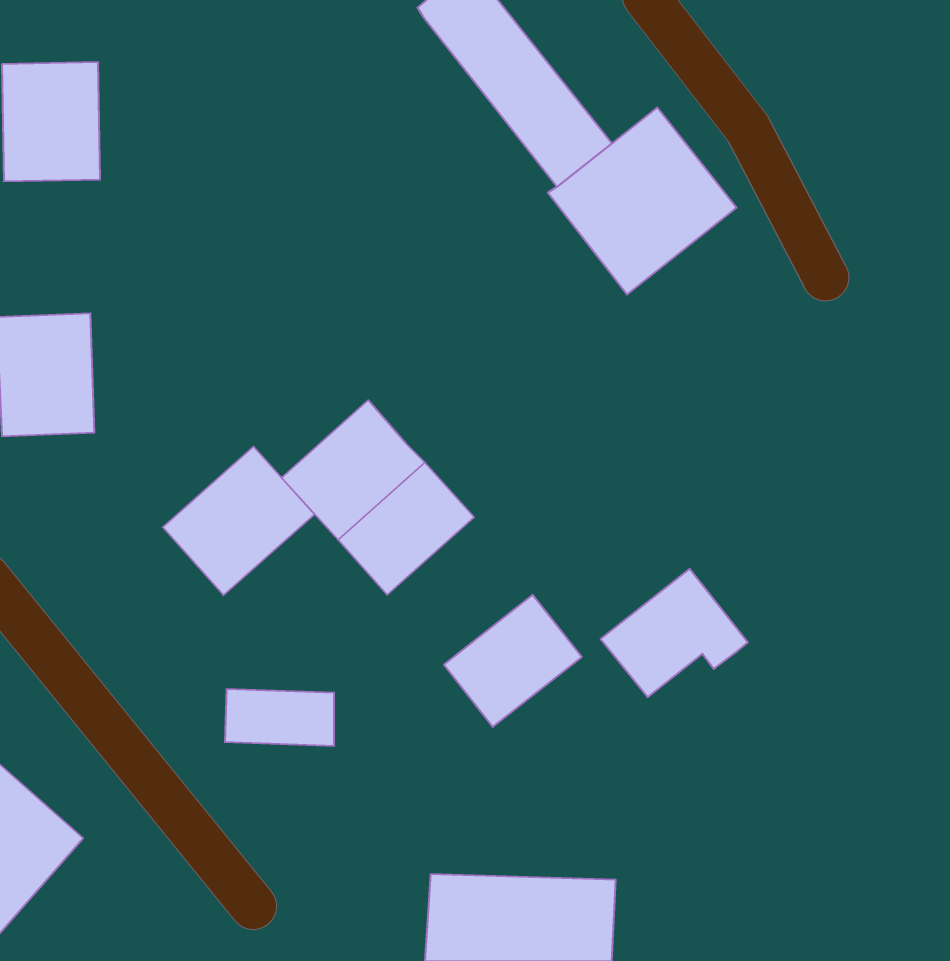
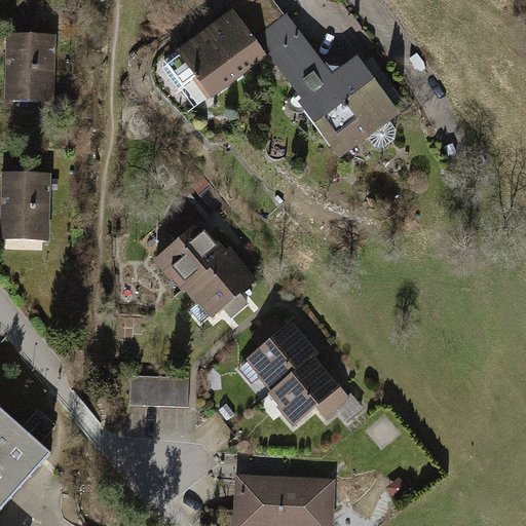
building: none -> [177,9,269,101]
building: [163,447,314,595] -> none
building: [601,569,748,697] -> [268,358,348,427]

